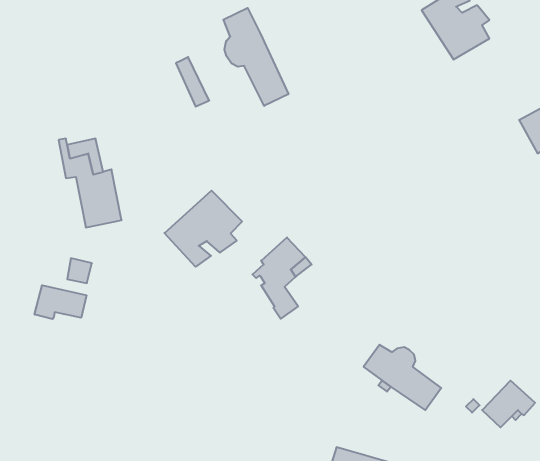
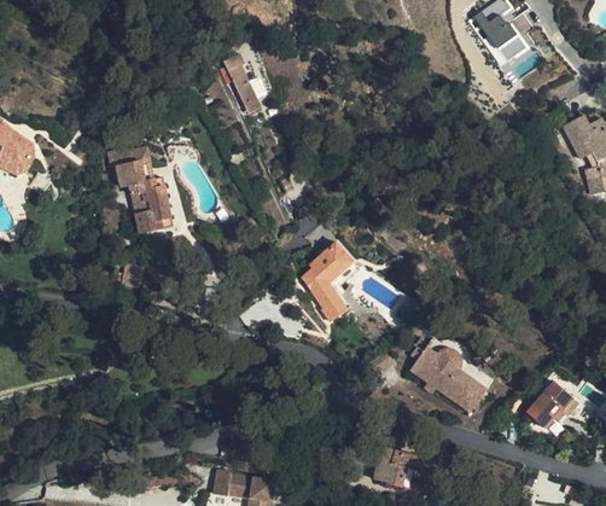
building: [223,8,288,106] -> none
building: [164,191,242,267] -> none
building: [35,285,86,319] -> none

